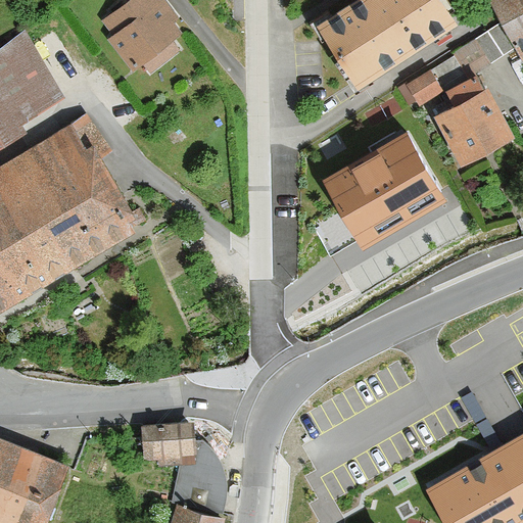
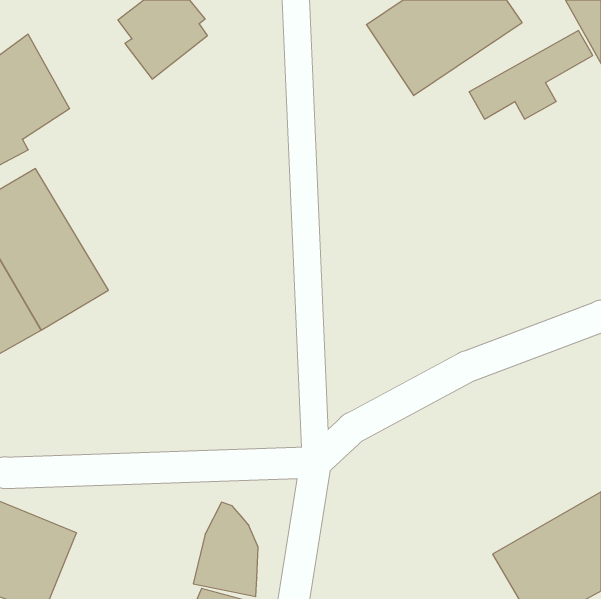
building: [434,89,513,164] -> none
building: [31,127,135,254] -> none
building: [323,132,444,246] -> none
building: [142,422,192,466] -> none

